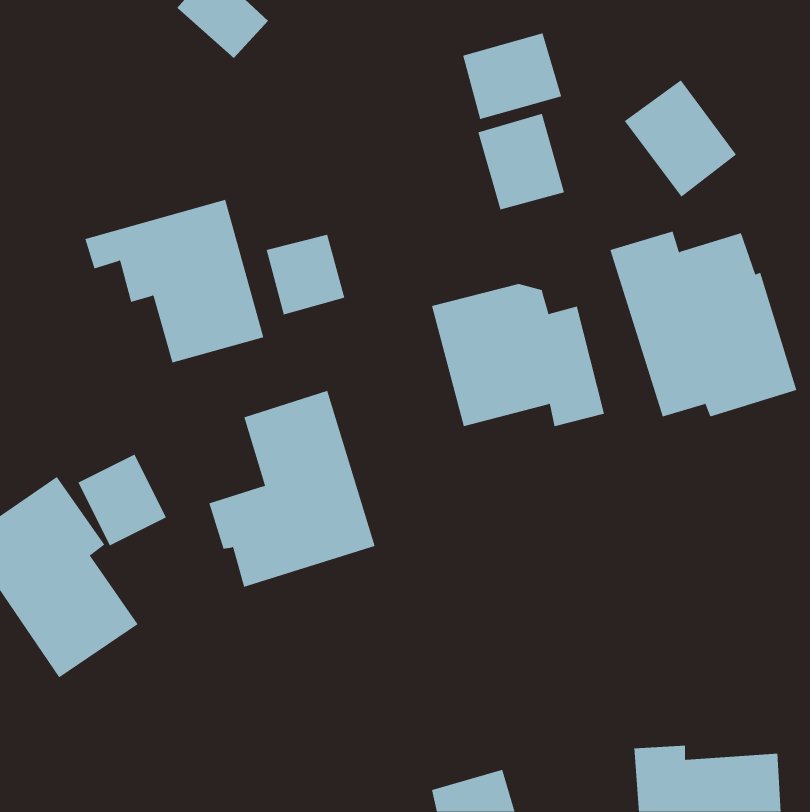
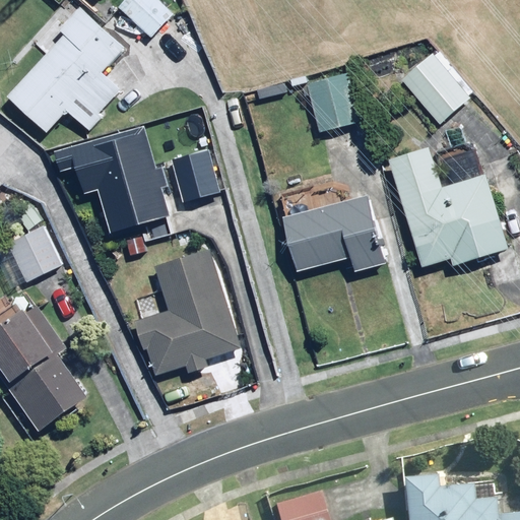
building: none -> [7,7,124,132]
building: [463,32,562,120] -> none
building: [78,454,167,546] -> [5,223,62,282]

